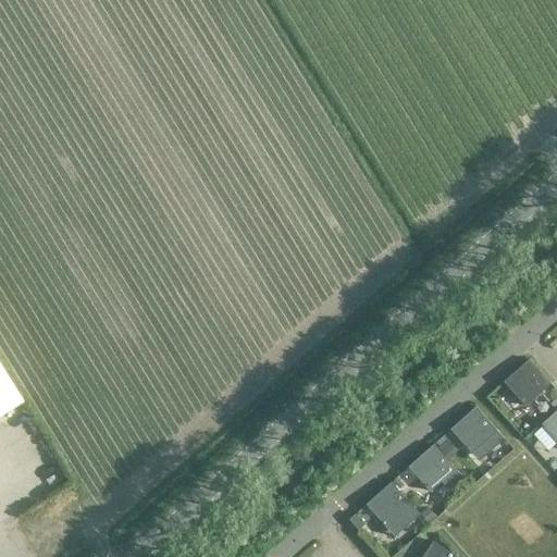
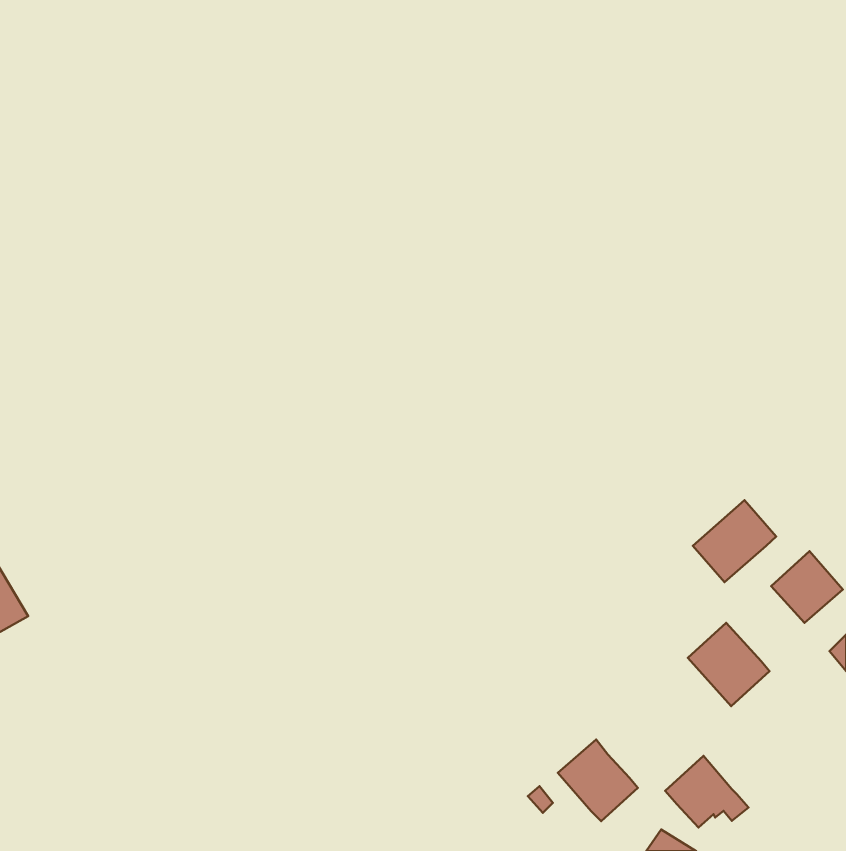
building: none -> [693,500,776,582]
building: [408,445,462,492] -> [665,756,748,827]

